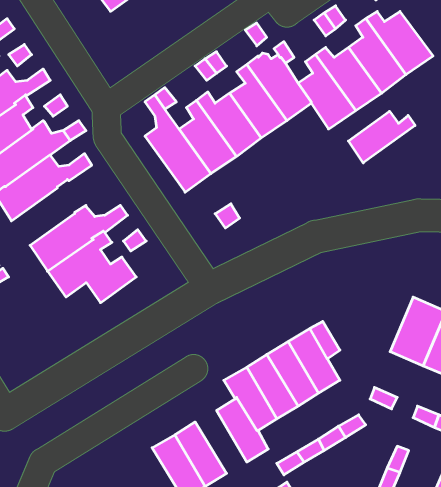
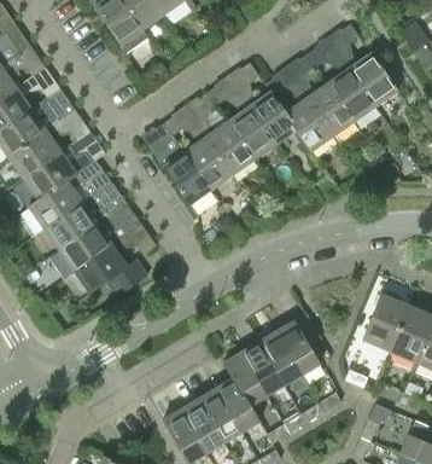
building: [348,111,415,163] -> none
building: none -> [43,195,127,250]
building: none -> [198,389,241,442]

